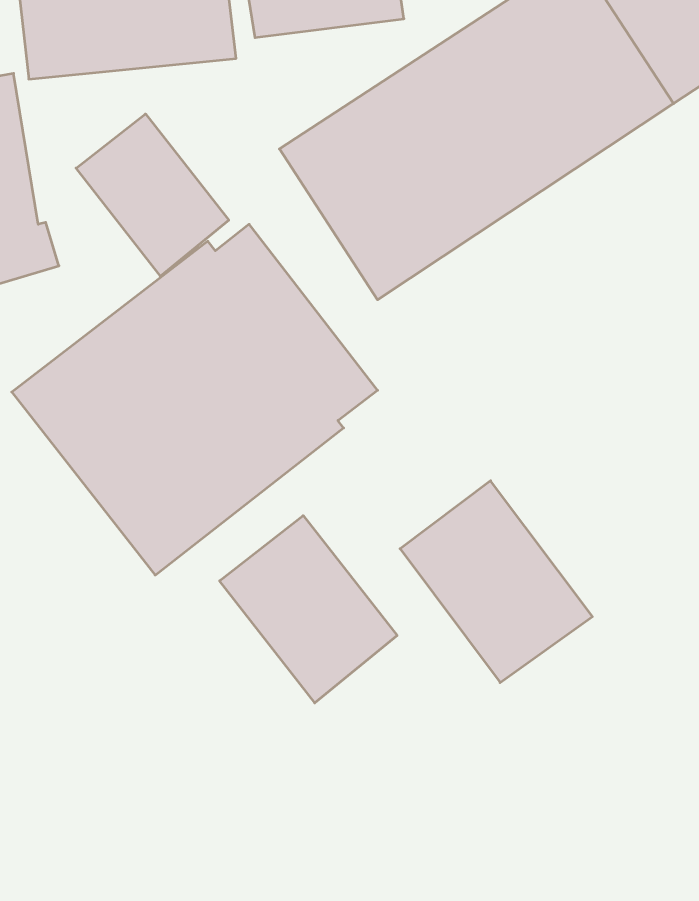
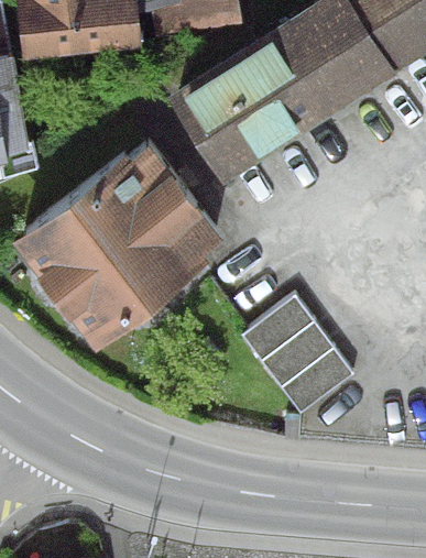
building: [76,114,229,276] -> none
building: [220,516,397,703] -> none

